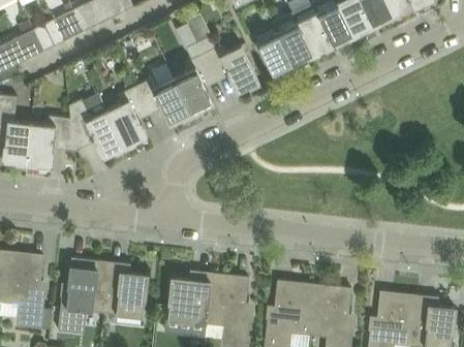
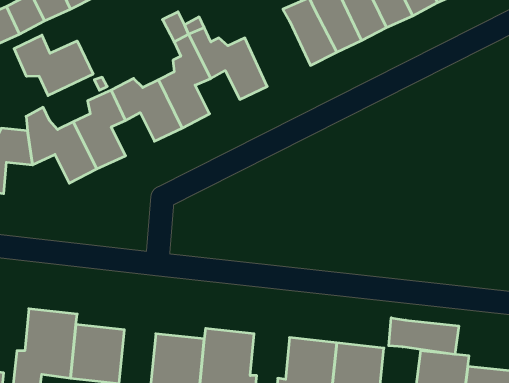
building: [251,22,293,75] -> none
building: none -> [14,35,93,96]
building: none -> [389,318,459,354]

